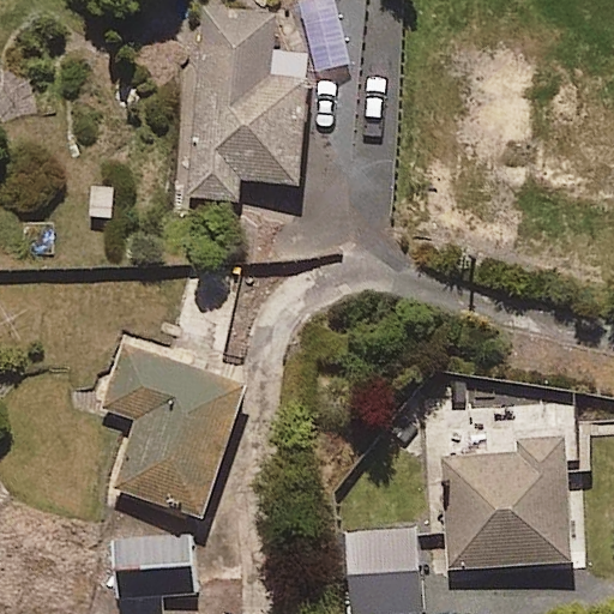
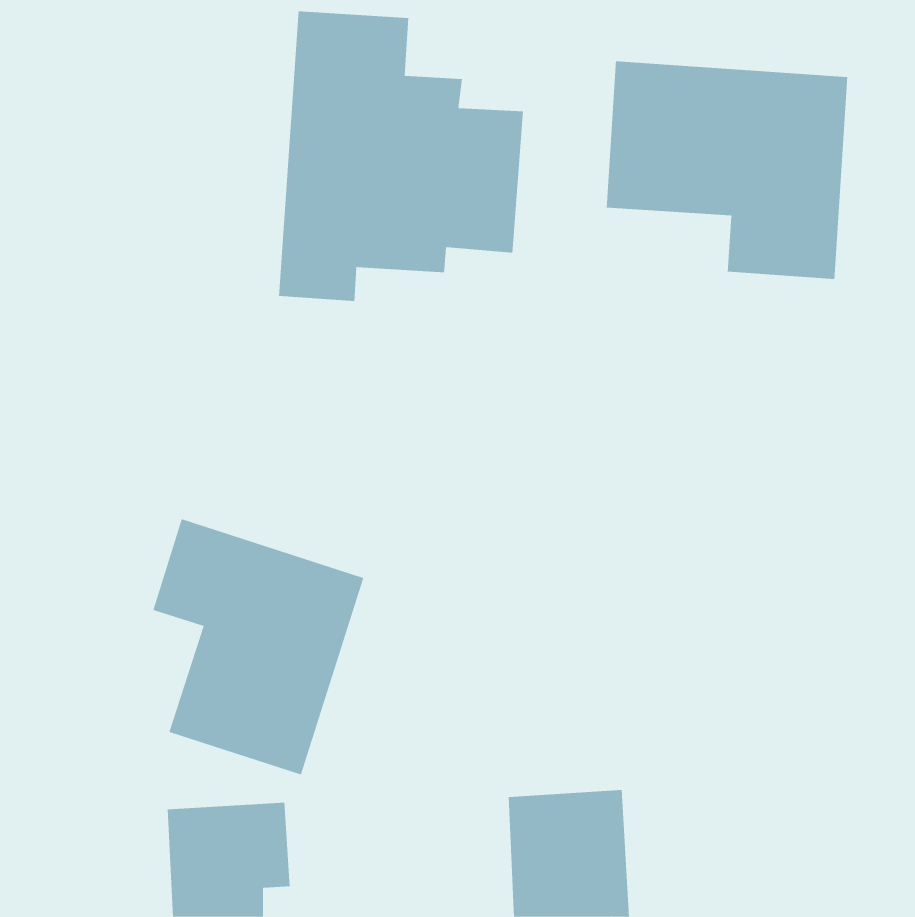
building: none -> [606,61,848,280]
building: [443,404,570,567] -> none

